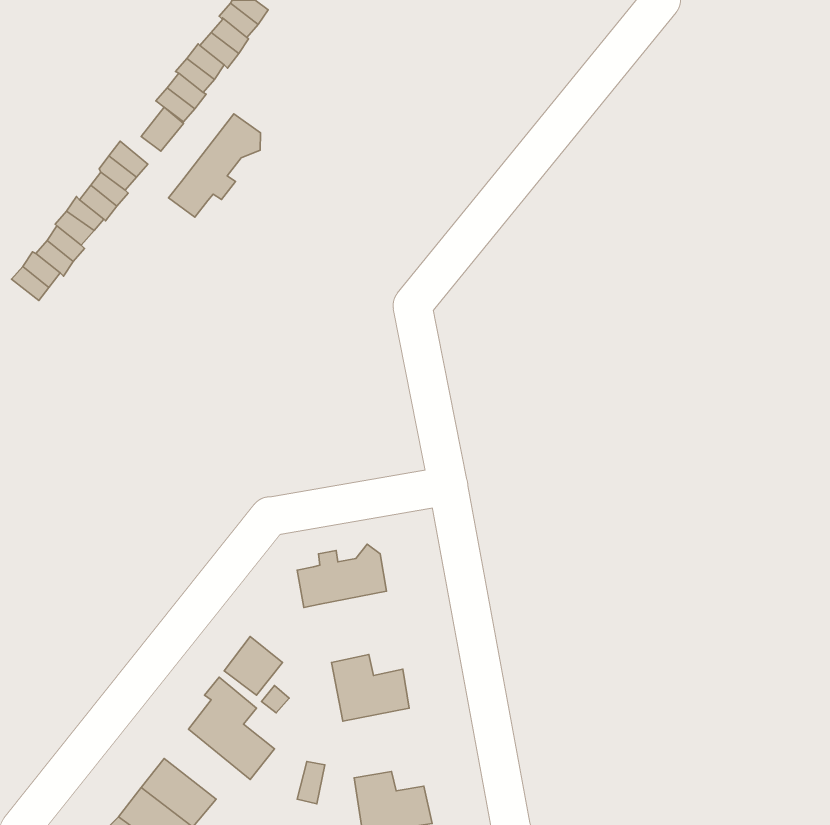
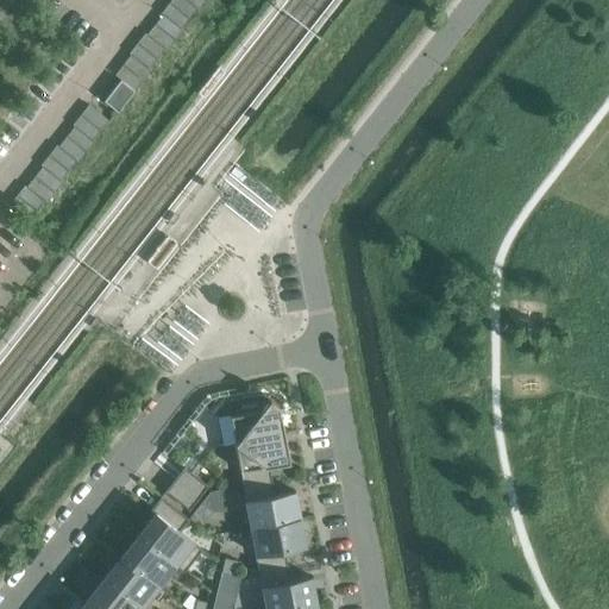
building: [169,114,260,217] -> none
building: none -> [234,437,289,489]
building: none -> [251,522,304,573]
building: none -> [120,538,183,589]

